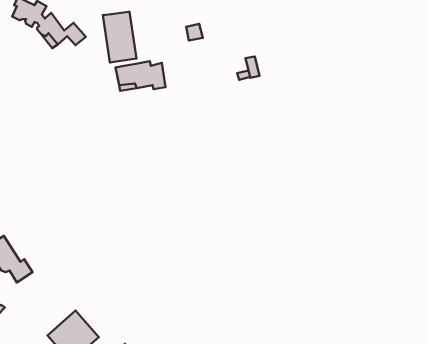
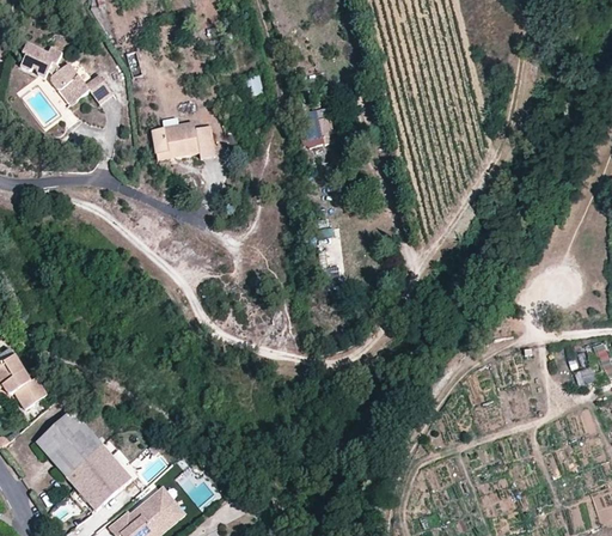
building: [103,12,137,63] -> none
building: none -> [36,409,100,475]

